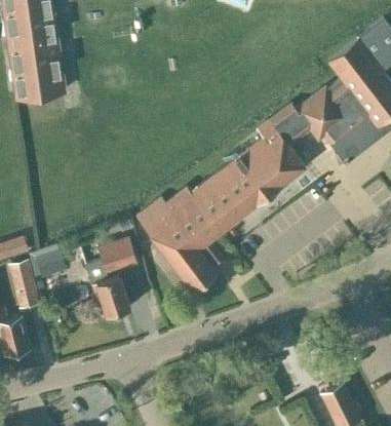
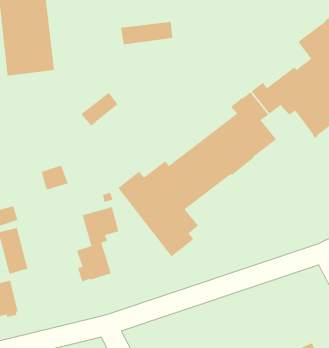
building: none -> [121,21,173,45]
building: none -> [81,92,118,126]
building: [35,251,65,278] -> [41,165,69,190]

